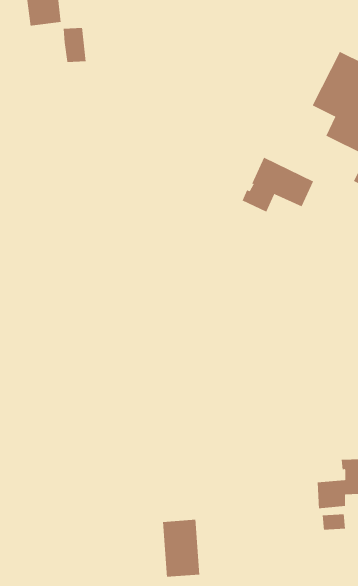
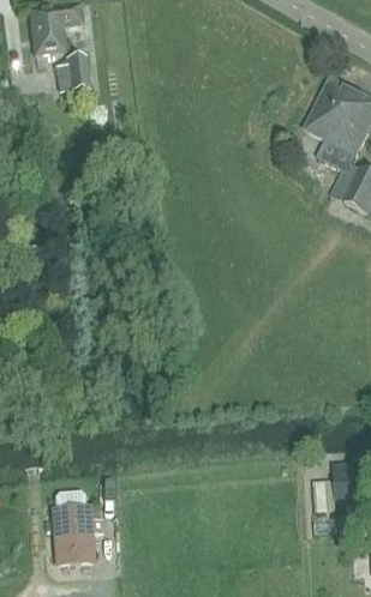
building: [242,157,314,212] -> none
building: [162,519,200,577] -> [59,501,95,556]

